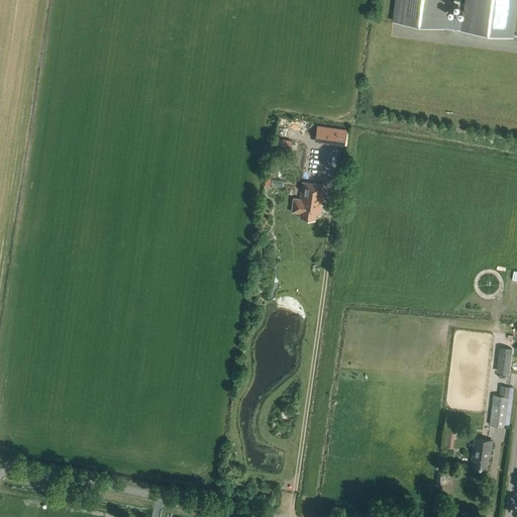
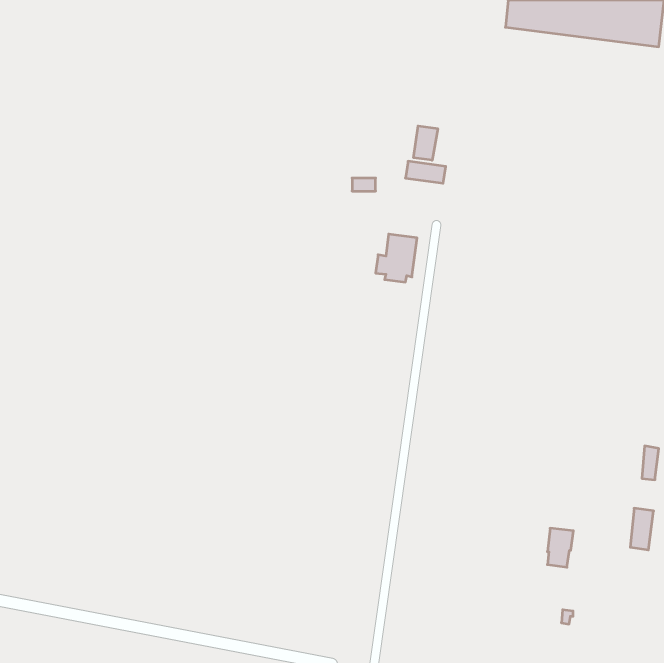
building: none -> [414,126,438,160]
building: [472,439,492,470] -> [547,528,573,567]

